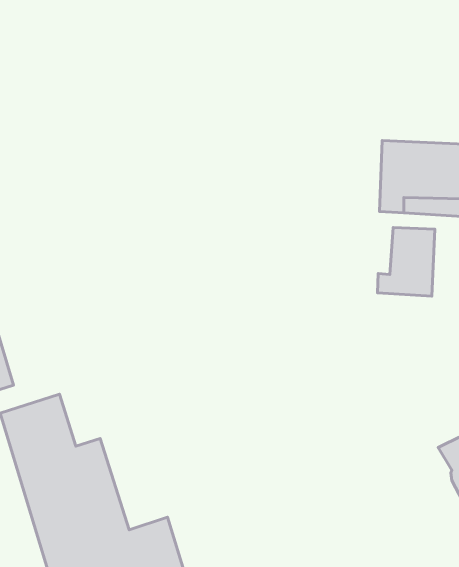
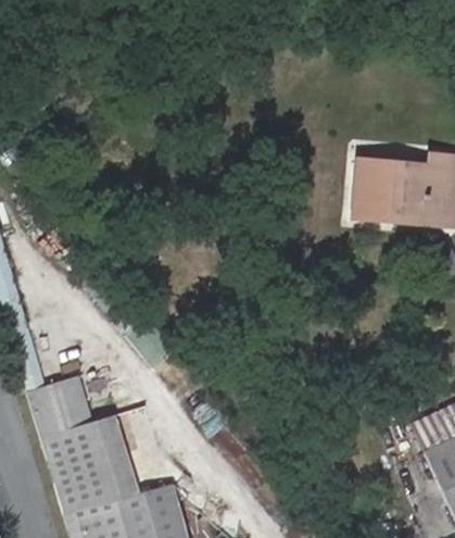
building: [377,227,435,296] -> none

